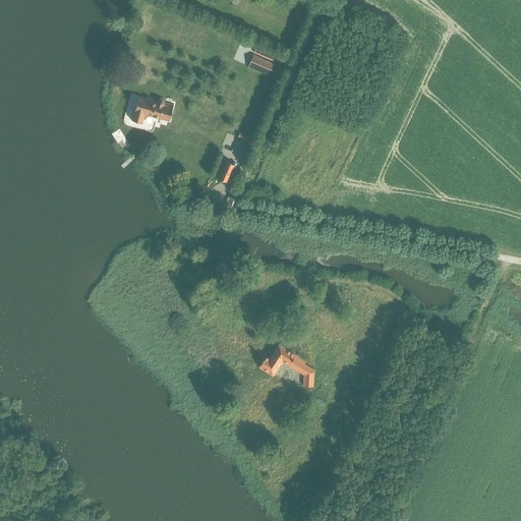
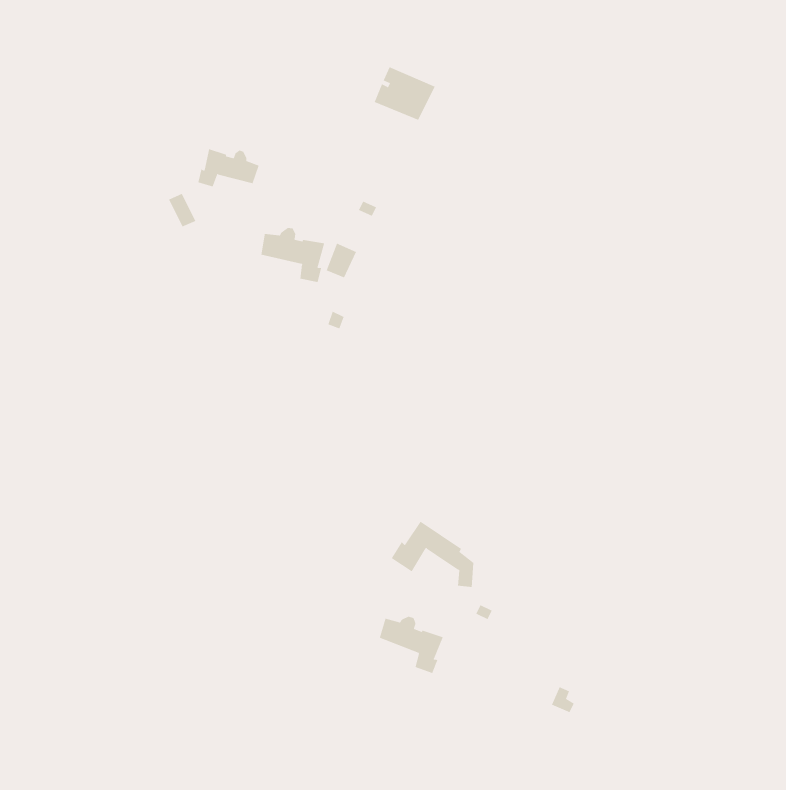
building: none -> [261,227,325,283]
building: none -> [379,616,444,674]

